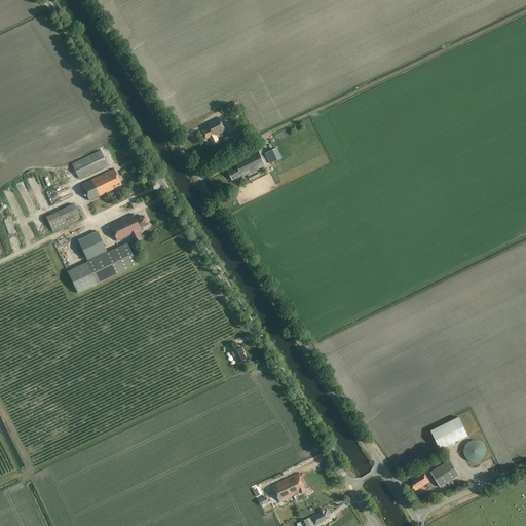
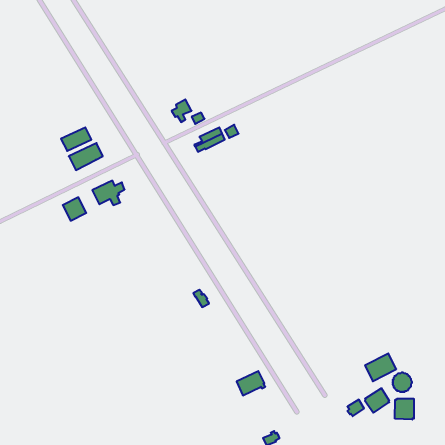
building: [46,203,80,230] -> none
building: [68,242,137,292] -> none
building: none -> [395,399,414,420]
building: [272,473,306,501] -> [237,371,265,395]

